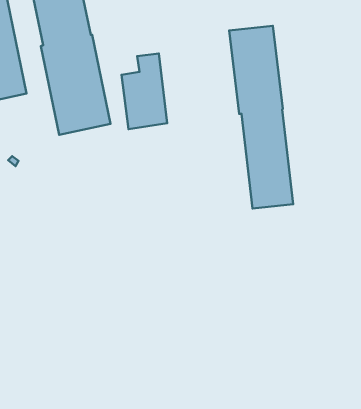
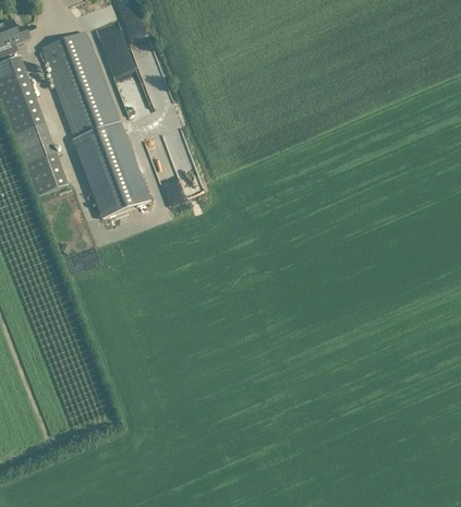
building: [229,26,293,208] -> none

